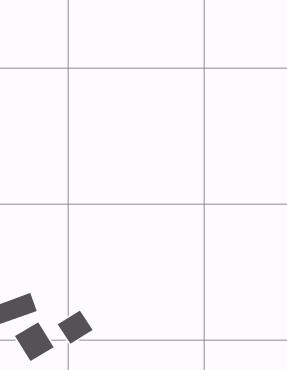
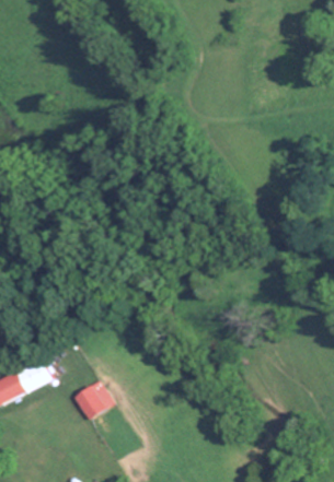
building: [14,321,55,362] -> none

